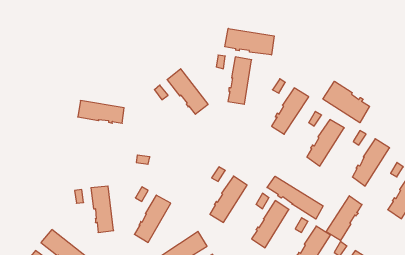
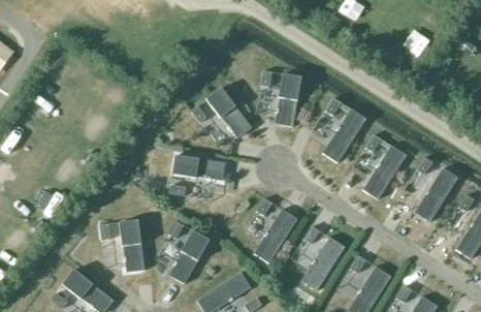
building: [225,28,274,55] -> none
building: [323,81,370,123] -> none
building: [78,101,124,123] -> [171,155,224,181]
building: [267,176,323,219] -> none
building: [326,196,362,241] -> none

